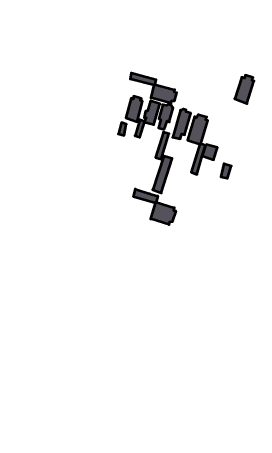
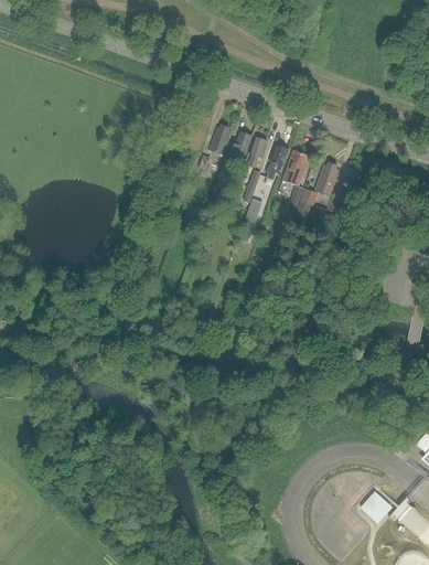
building: [130,73,177,103] -> none
building: [235,75,254,104] -> [314,162,339,196]
building: [134,189,176,225] -> none

